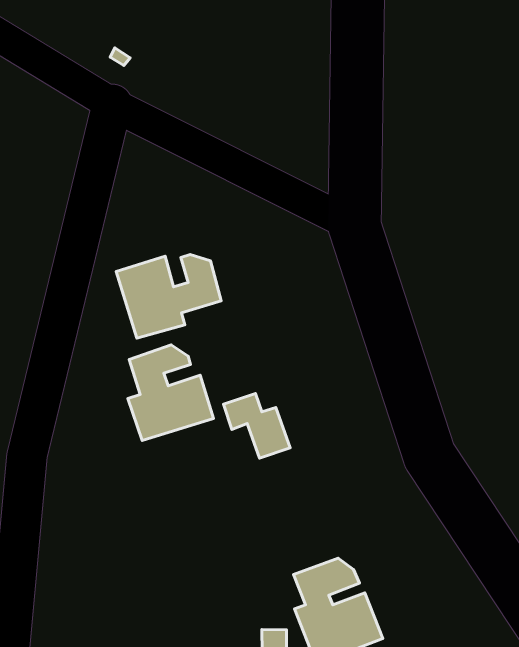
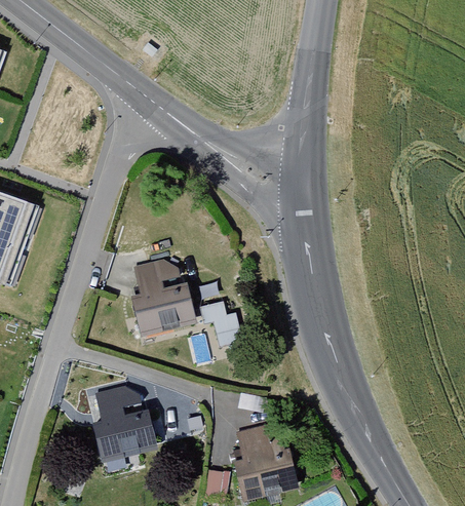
building: [116,254,221,338] -> none
building: none -> [93,387,156,461]

